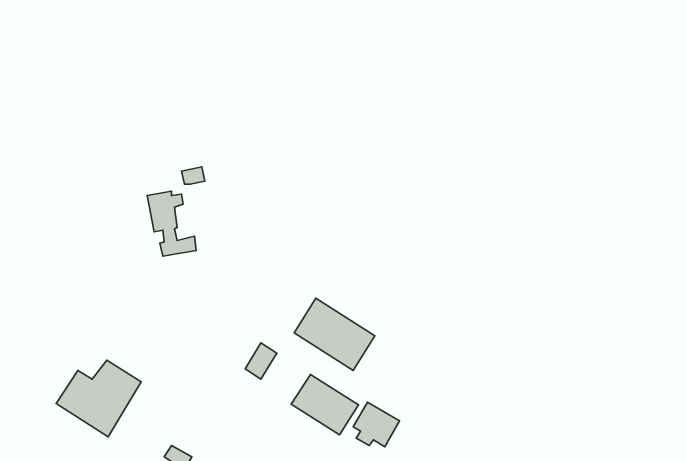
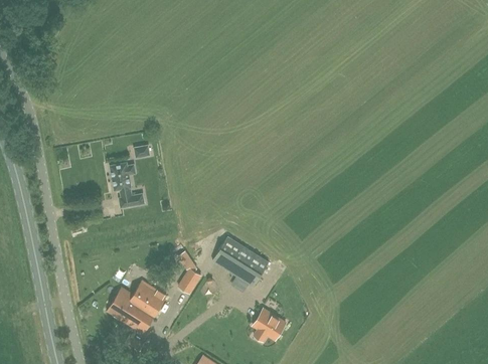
building: [56,360,141,437] -> [107,281,166,334]
building: [291,374,359,435] -> none

